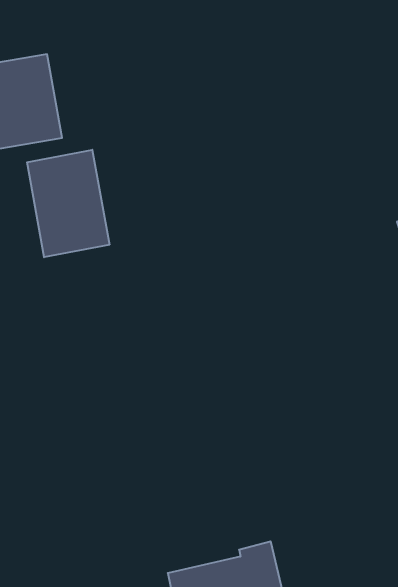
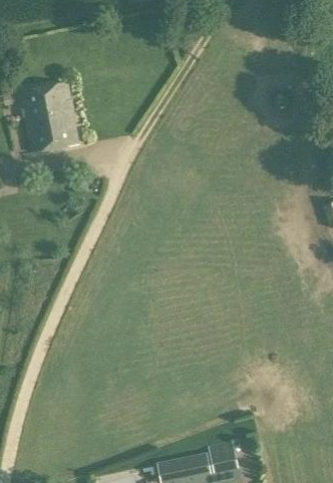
building: [27,150,109,257] -> none

